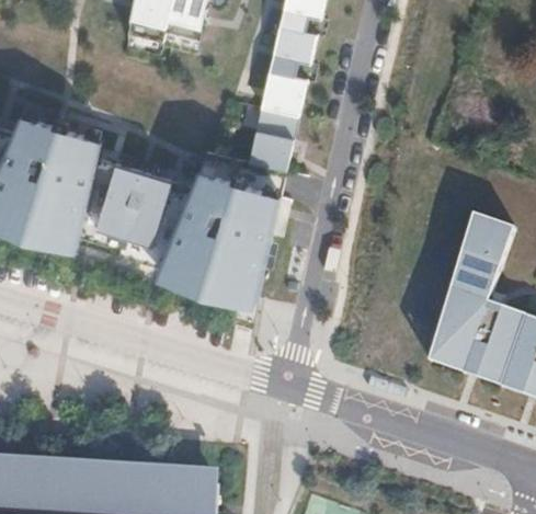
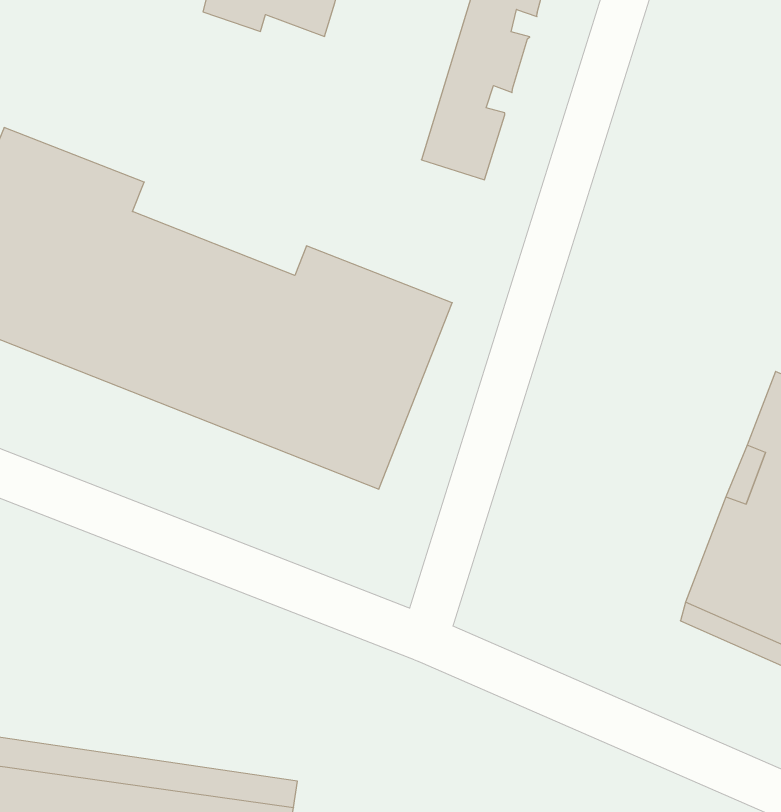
building: [249,108,298,171] -> none

